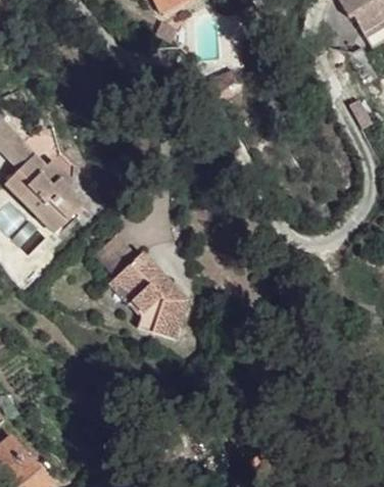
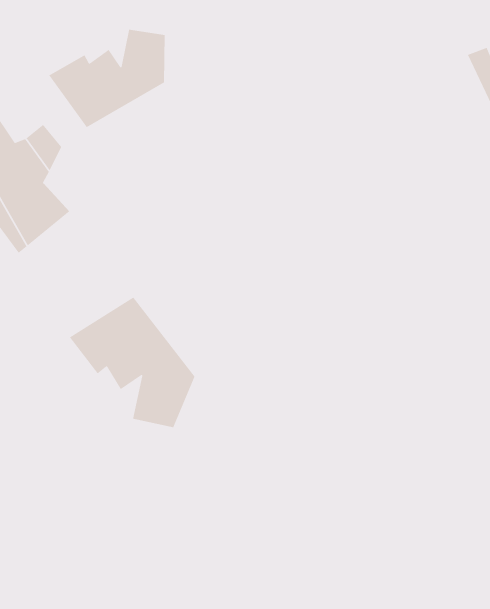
building: none -> [48,29,165,128]

